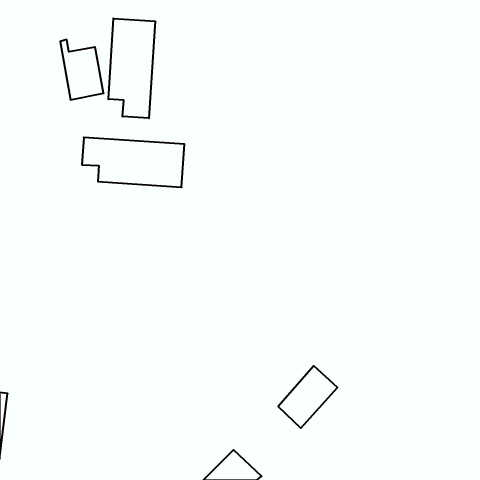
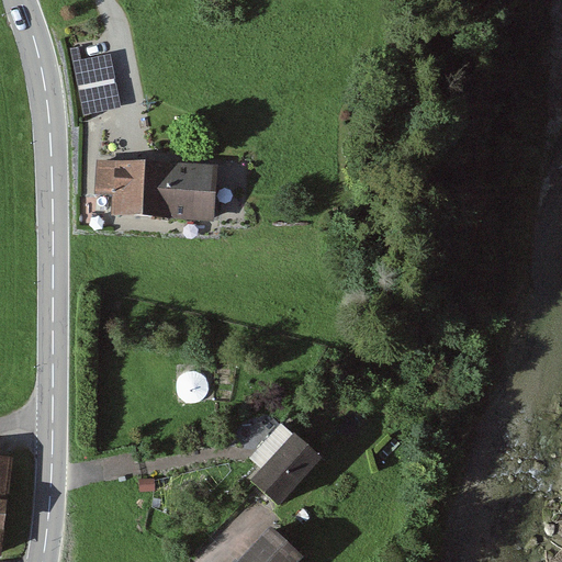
building: [108,18,155,118] -> none
building: [278,366,337,428] -> [251,431,321,504]

